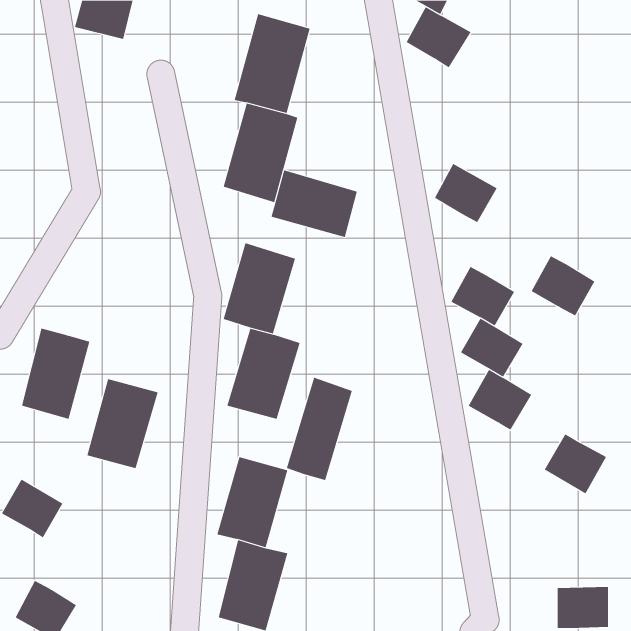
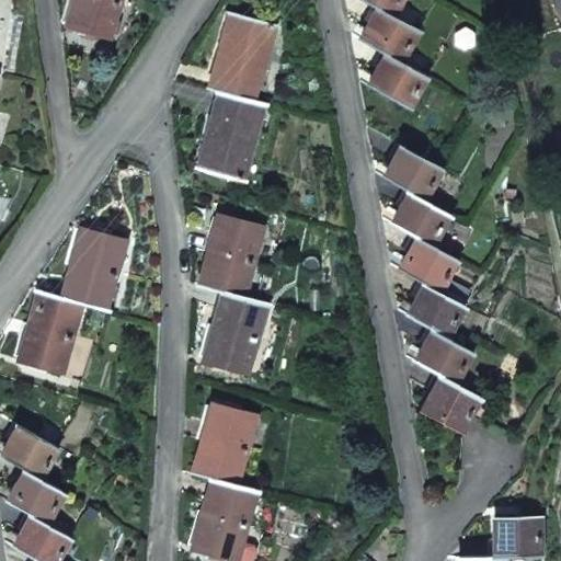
building: none -> [369,54,426,108]
building: [271,170,357,238] -> none
building: [531,255,595,316] -> [392,191,449,244]
building: [286,377,353,481] -> none
building: [87,379,158,469] -> [61,230,125,310]
building: [544,433,607,494] -> [424,376,480,430]
building: none -> [9,470,64,523]

